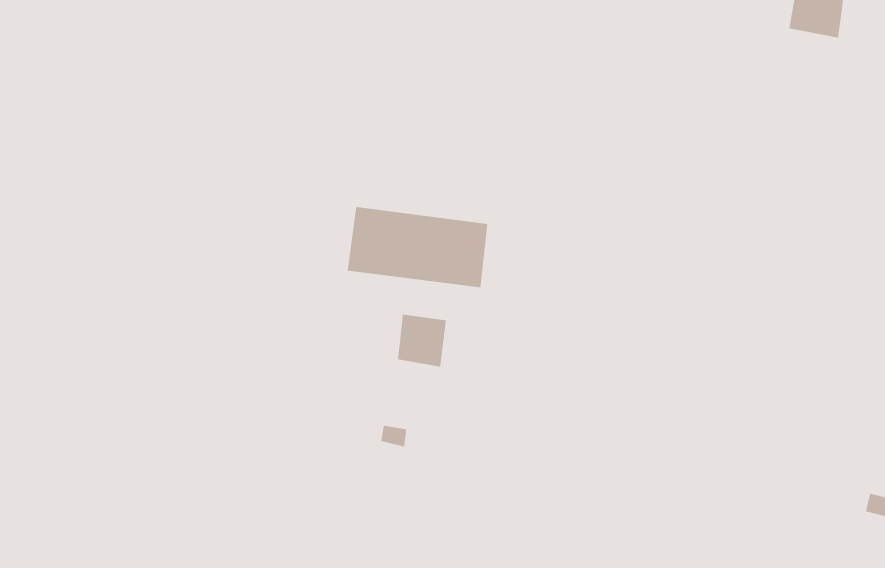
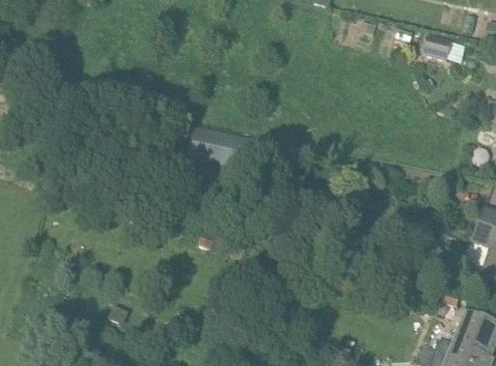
building: [397,314,446,368] -> none

